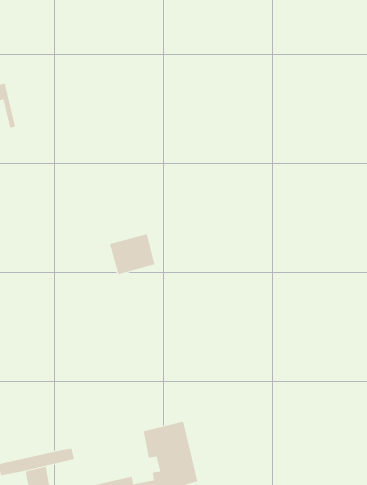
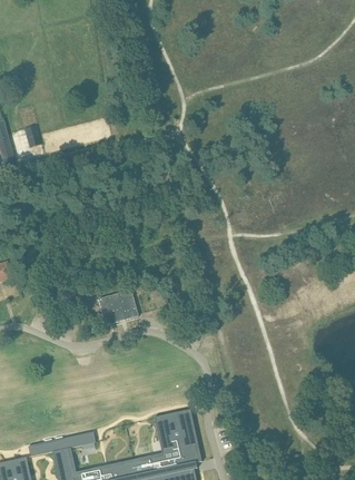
building: [109,234,155,275] -> [97,290,137,325]

